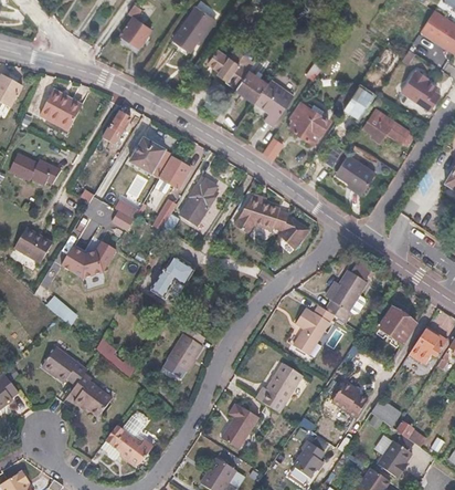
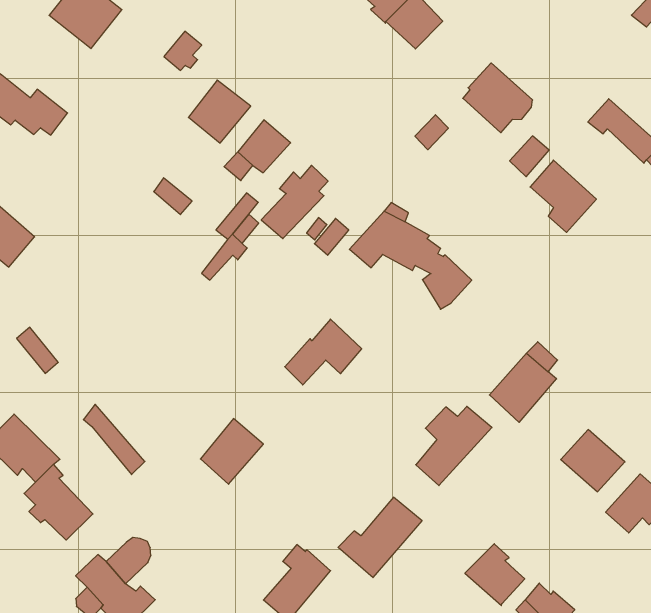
building: [255,79,293,124] -> none
building: [343,85,372,117] -> none
building: [62,234,116,286] -> none
building: [151,253,194,294] -> [285,319,362,385]

